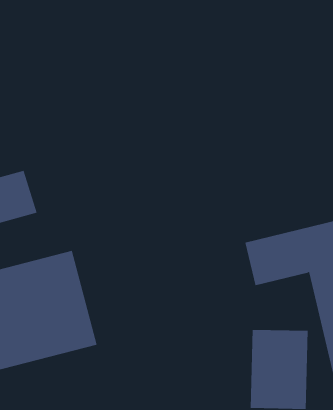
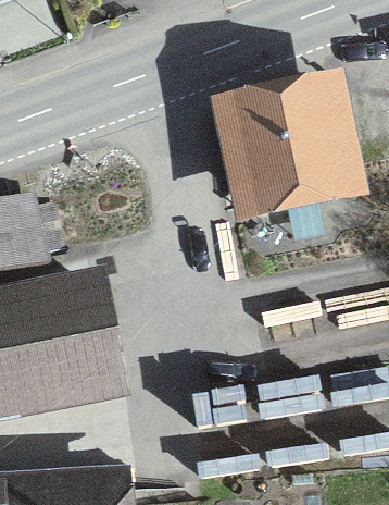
building: none -> [225,96,352,206]

